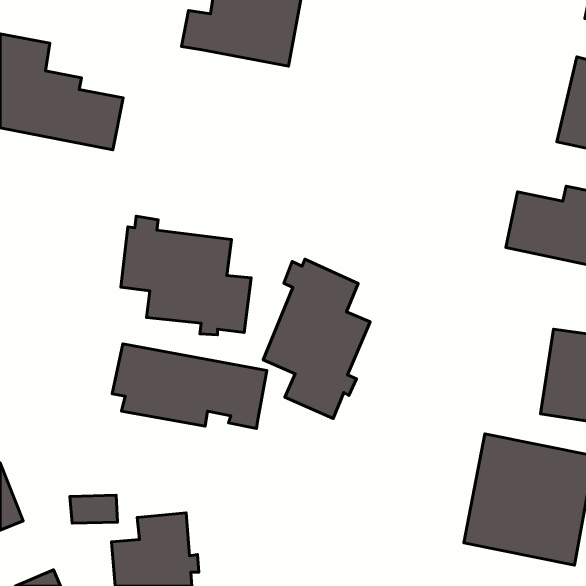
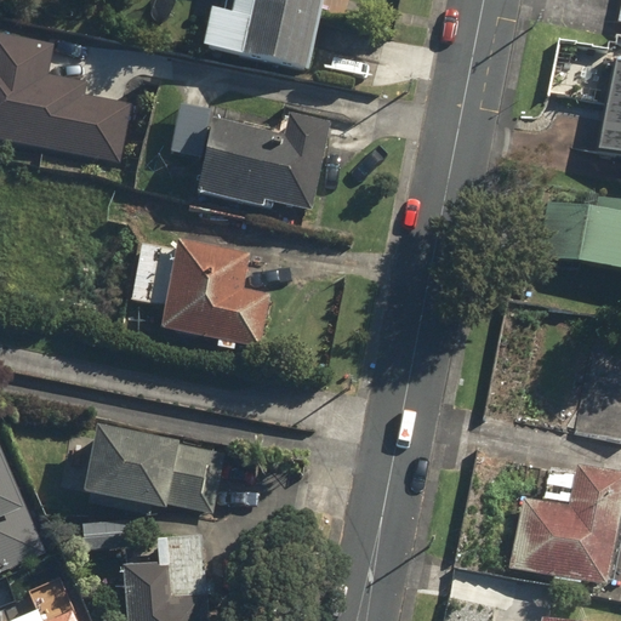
building: none -> [170,102,329,210]
building: [263,259,370,419] -> none
building: [112,344,267,429] -> [65,426,227,514]

